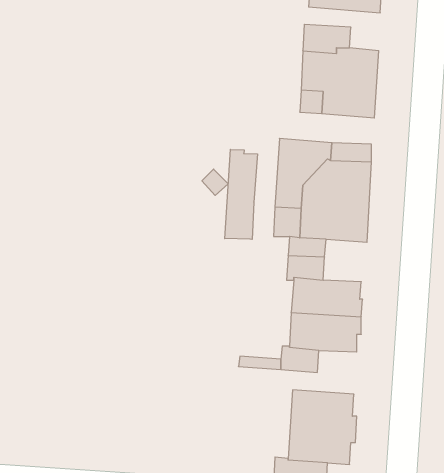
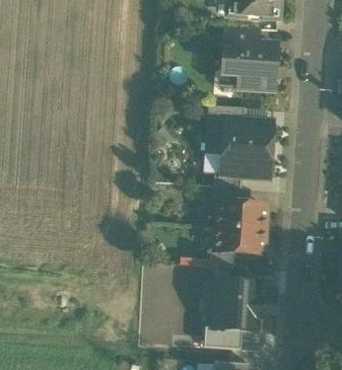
building: [225,149,257,239] -> none

